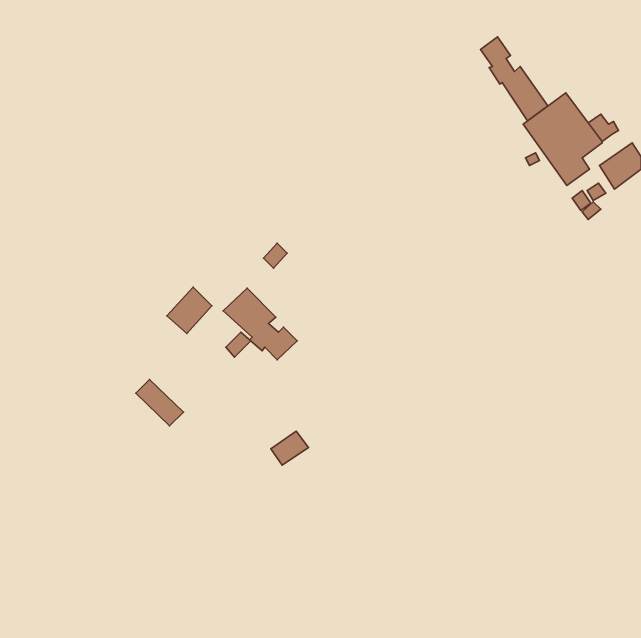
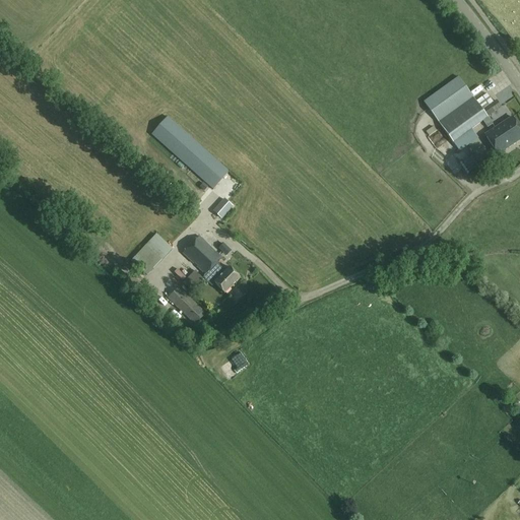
building: [480,37,548,121] -> none
building: none -> [151,114,230,188]
building: [136,379,183,426] -> [168,285,206,323]

